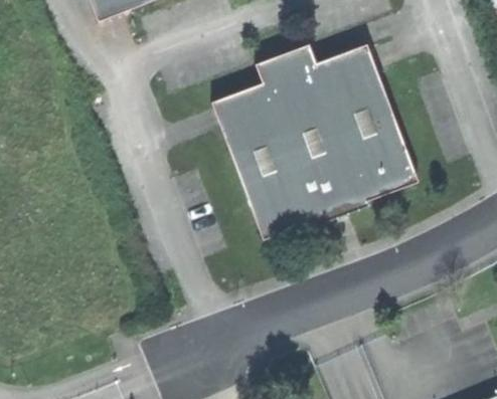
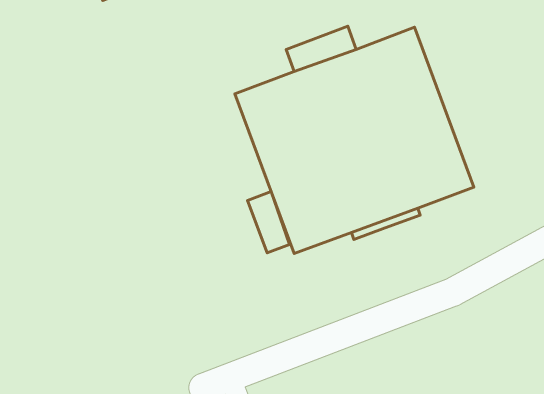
building: none -> [248,192,290,253]

